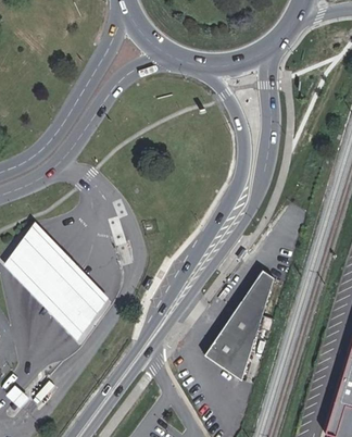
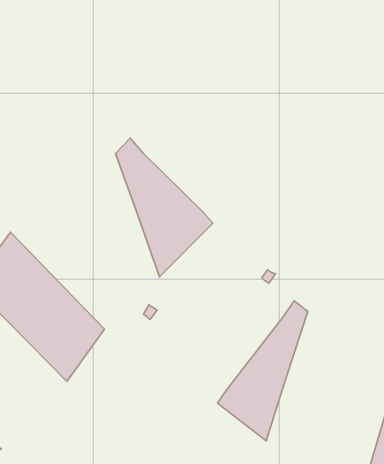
building: none -> [115,138,213,277]

